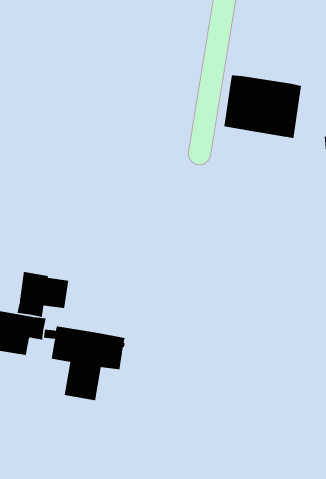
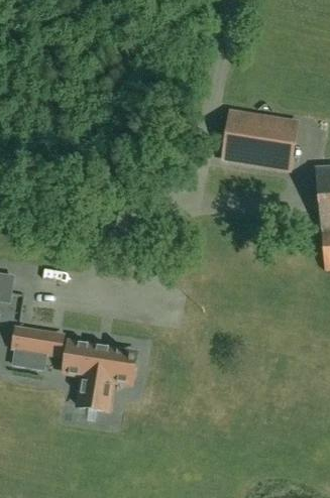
building: [17,271,69,318] -> none

